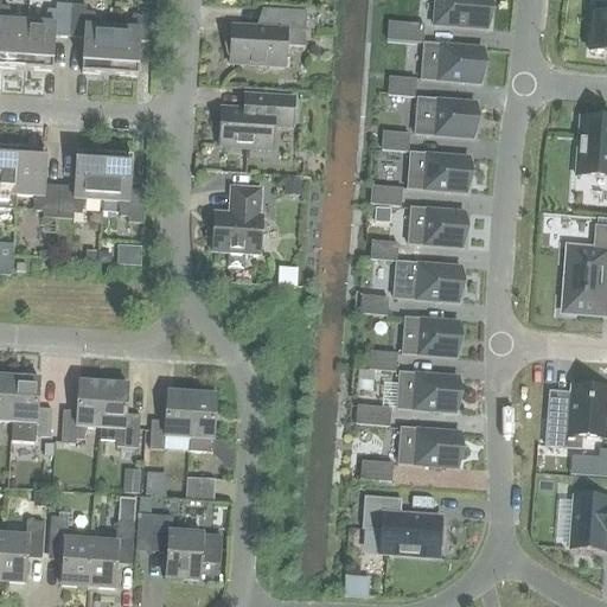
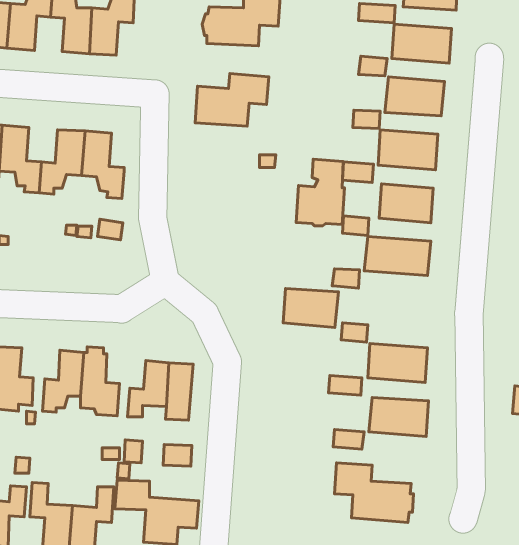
building: [212,184,262,253] -> [296,159,344,226]
building: [402,317,459,357] -> [283,288,338,327]

